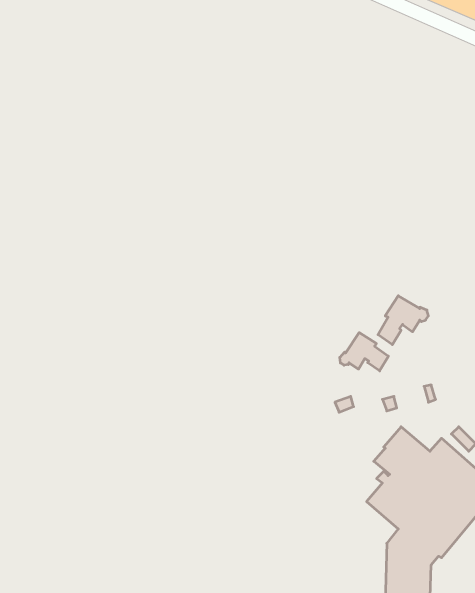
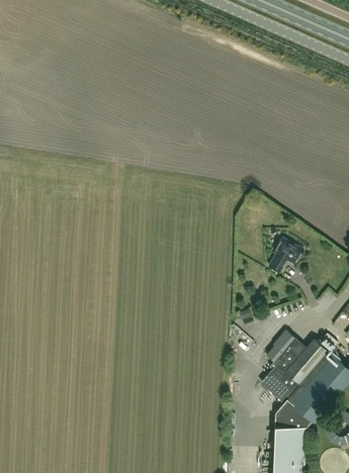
building: [340,333,388,371] -> none

